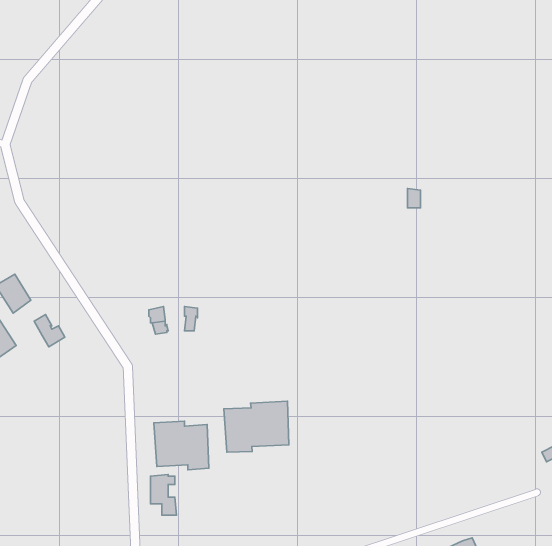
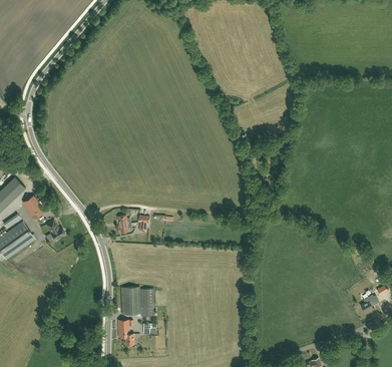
building: [224,401,289,452] -> none

